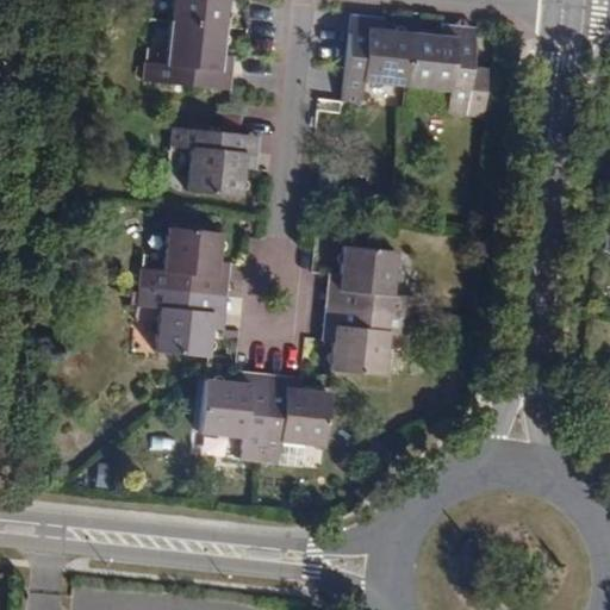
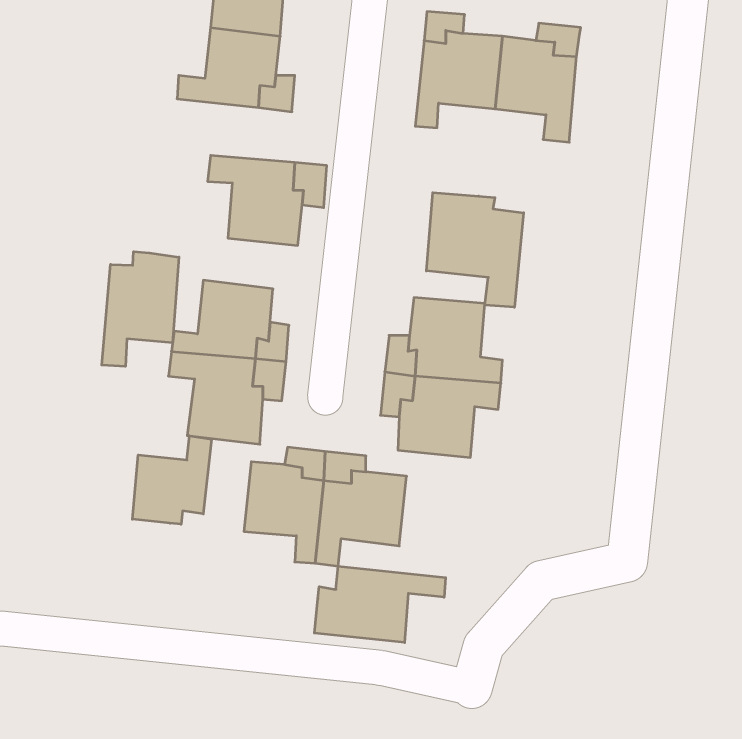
building: none -> [426,193,524,307]
building: none -> [102,252,179,366]
building: none -> [132,436,211,524]
building: none -> [314,566,446,643]

